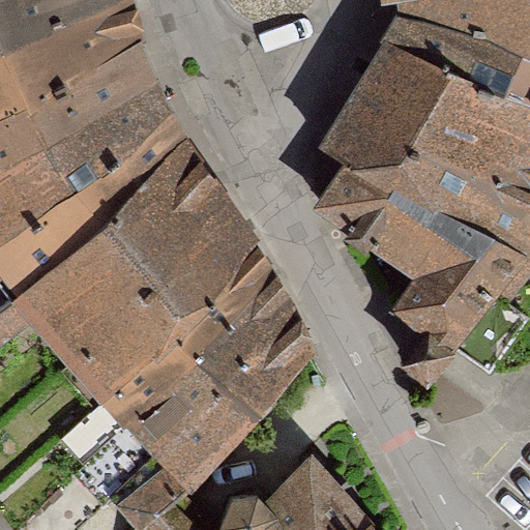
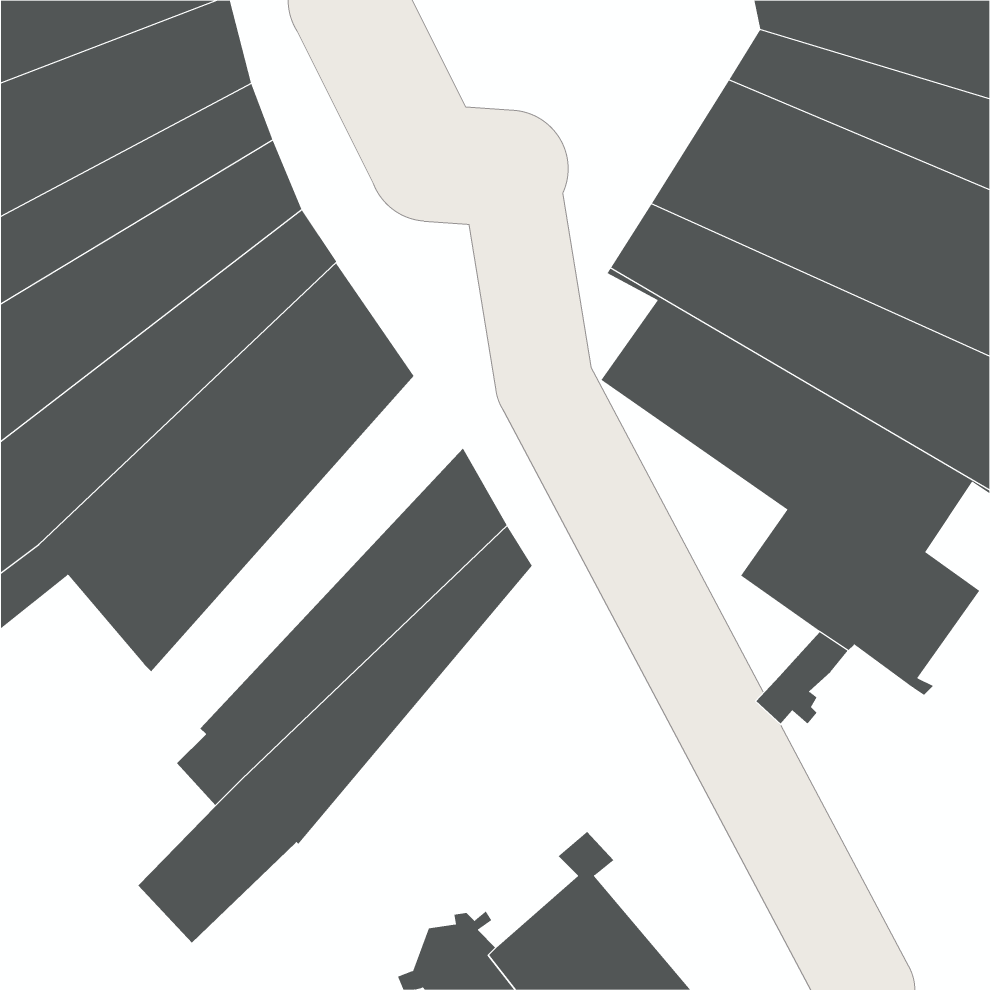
building: [81,201,247,389] -> none
building: [102,302,306,525] -> none

